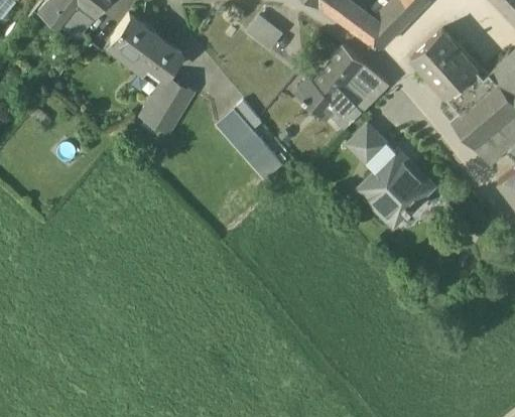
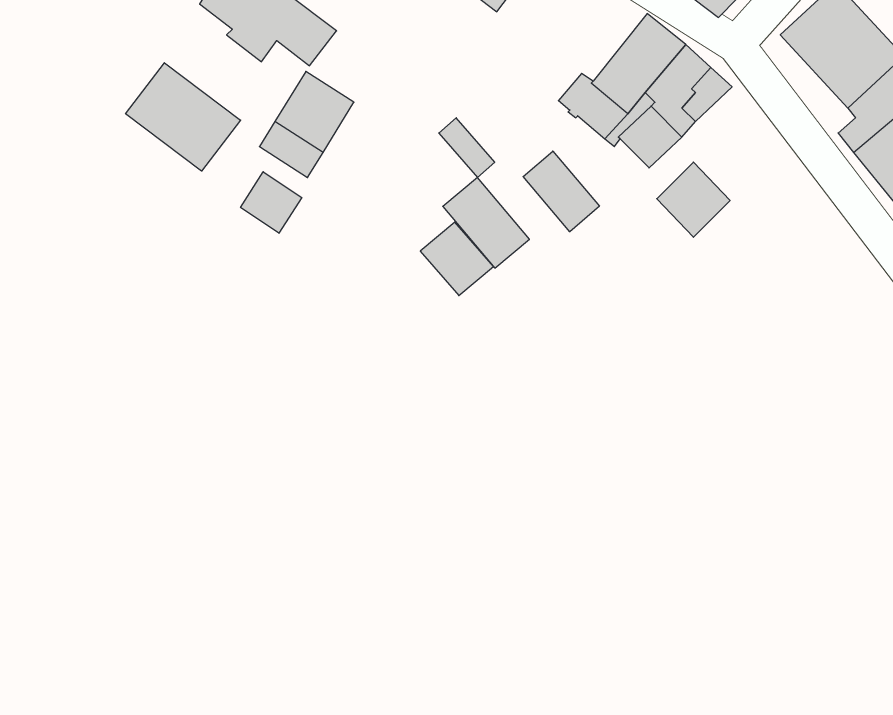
building: none -> [126,63,241,171]
building: [217,110,255,148] -> [420,222,493,296]
building: none -> [523,151,599,232]
building: none -> [241,172,302,233]
building: [359,151,433,227] -> none

